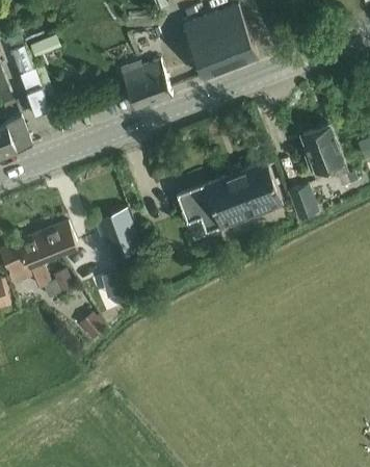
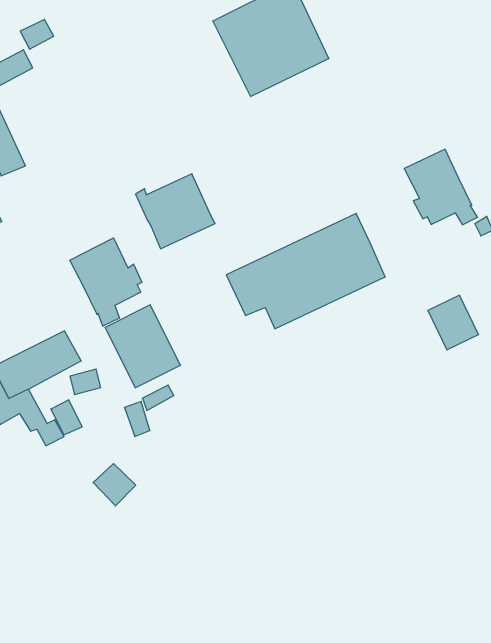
building: [121,60,171,108] -> [136,174,215,249]
building: none -> [70,238,142,326]
building: [287,184,319,219] -> [428,295,479,350]

